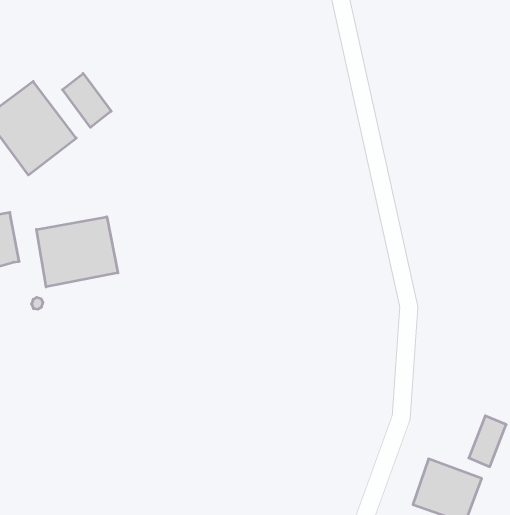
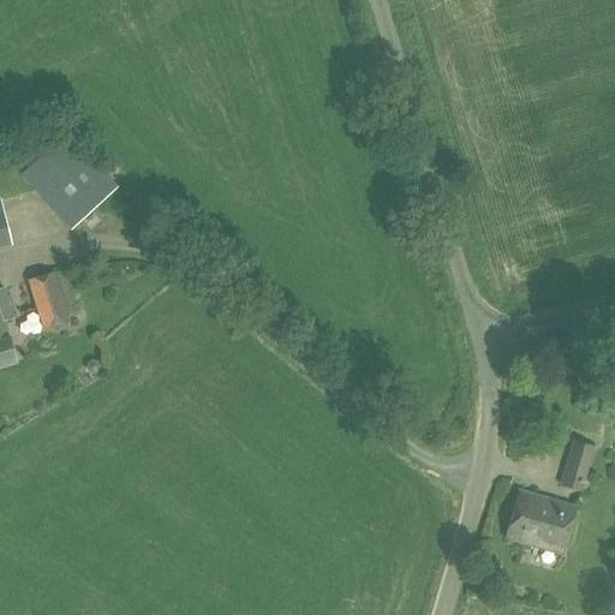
building: [62,73,111,127] -> none
building: [36,217,118,287] -> none

